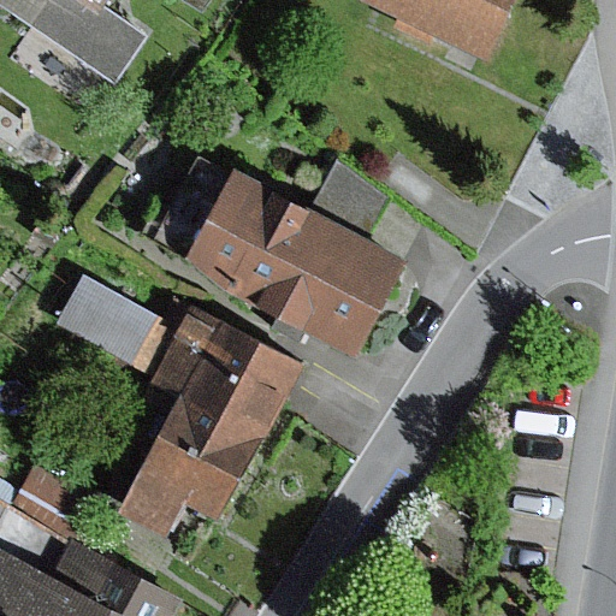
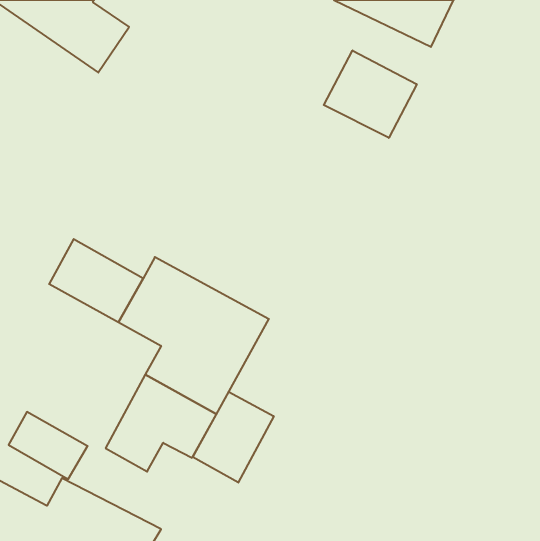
building: none -> [324,50,417,138]
building: [140,155,403,349] -> none
building: none -> [193,392,274,483]

